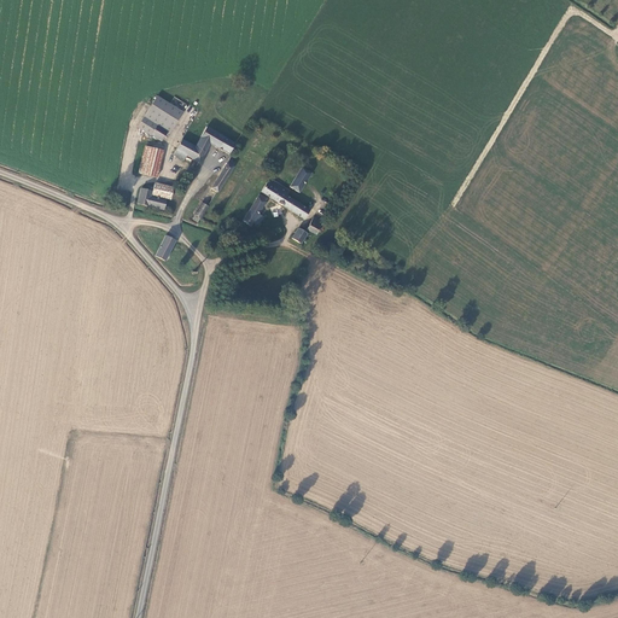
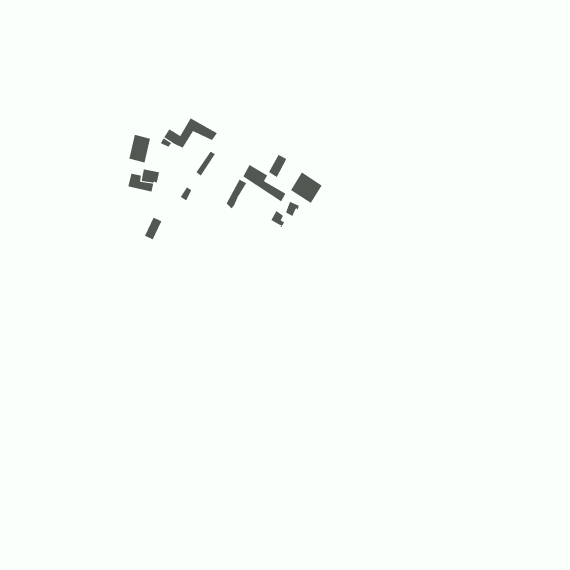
building: [138,97,181,140] -> none
building: none -> [290,171,322,204]

